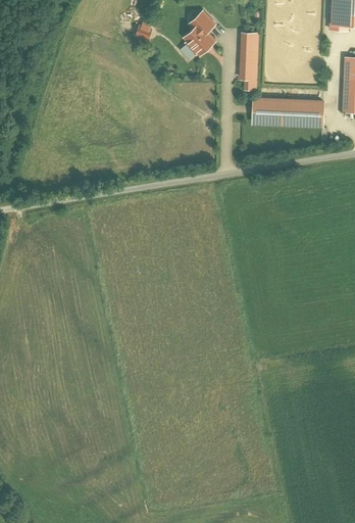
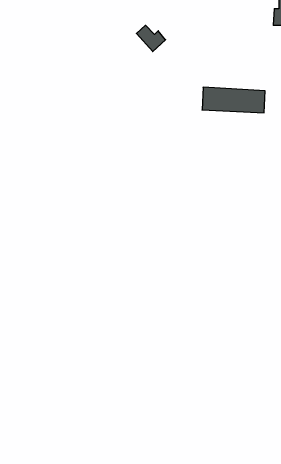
building: [184,10,211,39] -> none
building: [235,33,254,81] -> none

